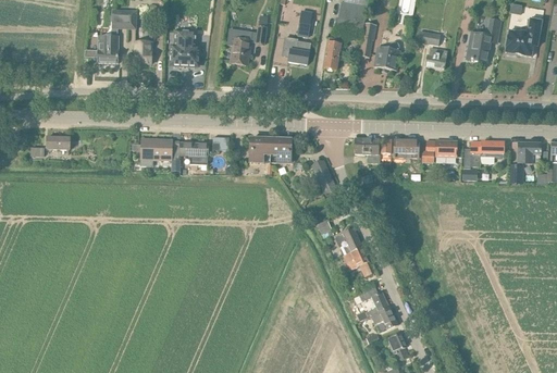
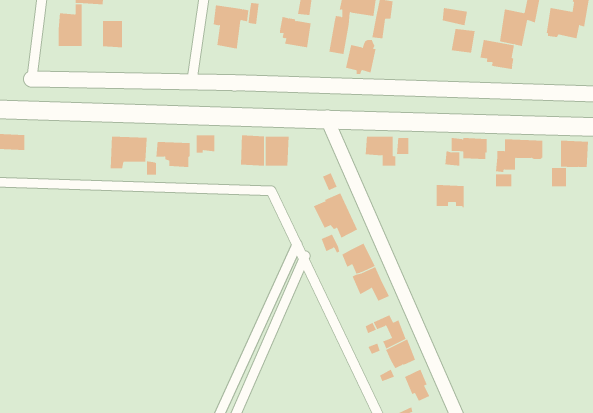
building: [171,30,198,64] -> none
building: [373,41,399,71] -> [345,39,377,74]
building: none -> [480,39,515,70]
building: [394,138,418,158] -> [436,184,464,208]
building: none -> [313,193,358,239]

